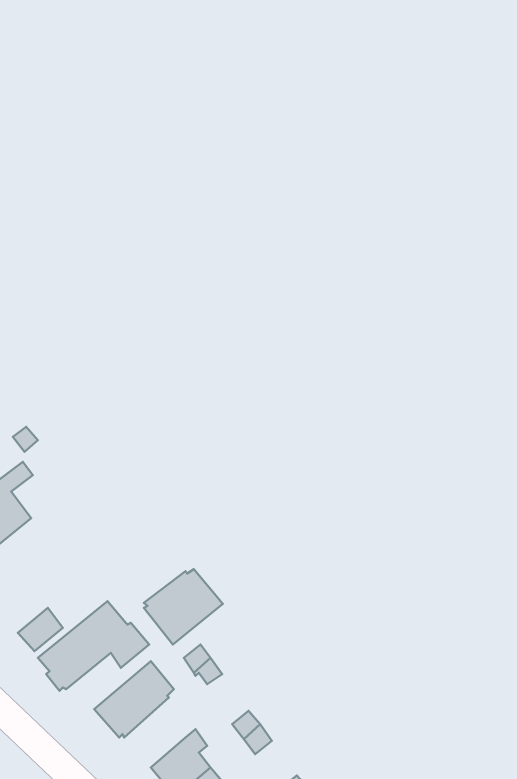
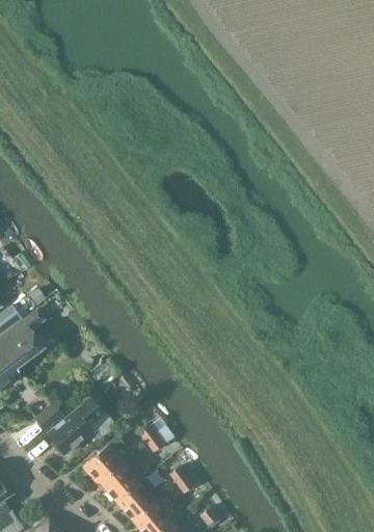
building: [144,569,223,644] -> none
building: none -> [101,459,145,503]

